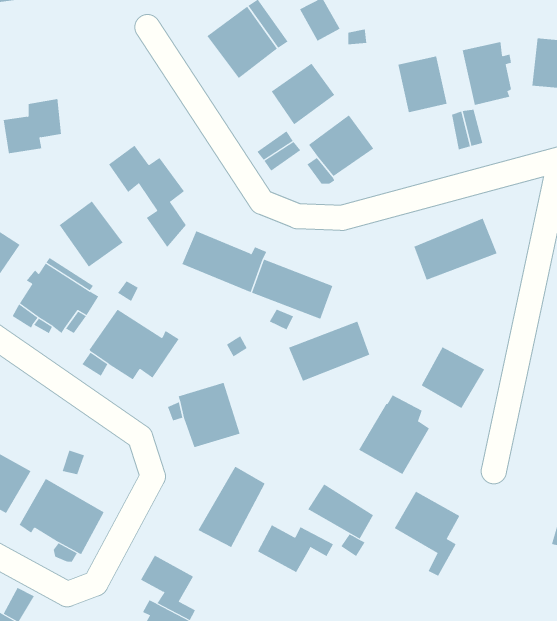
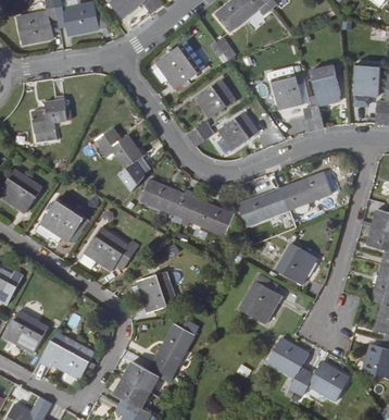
building: [59,200,124,267] -> none
building: [288,321,370,382] -> [239,189,289,226]
building: [308,483,374,539] -> none
building: [257,525,334,573] -> [124,361,171,391]
building: none -> [297,362,350,400]

